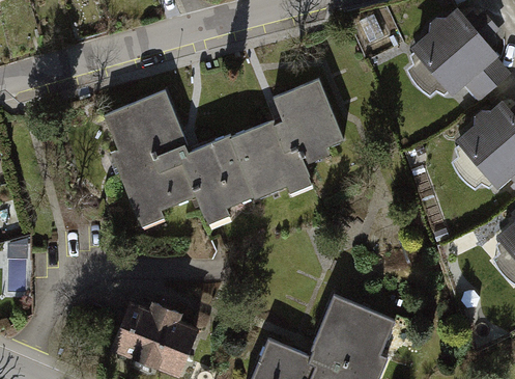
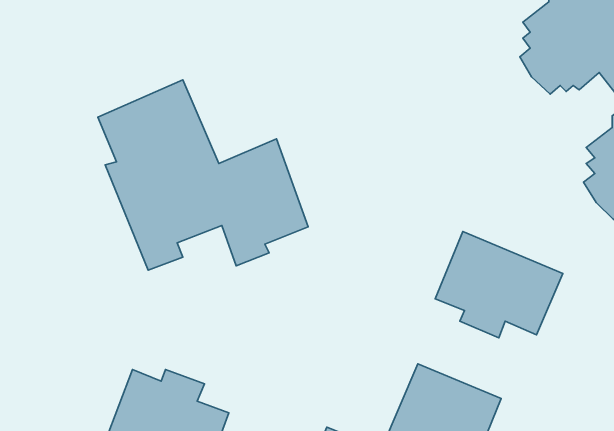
building: [232,80,342,206] -> none
building: none -> [435,232,563,338]

